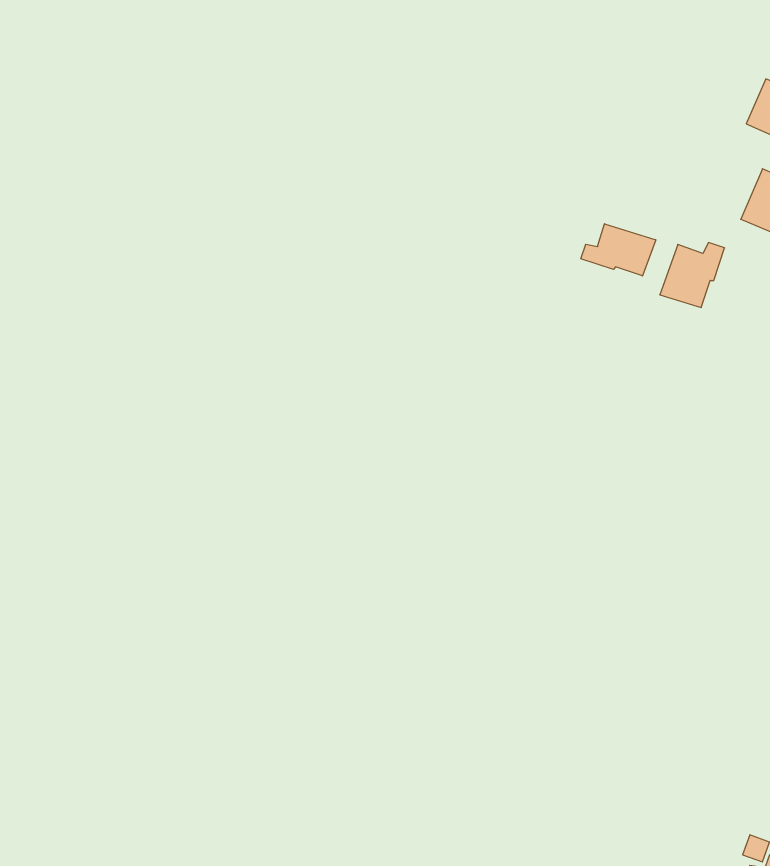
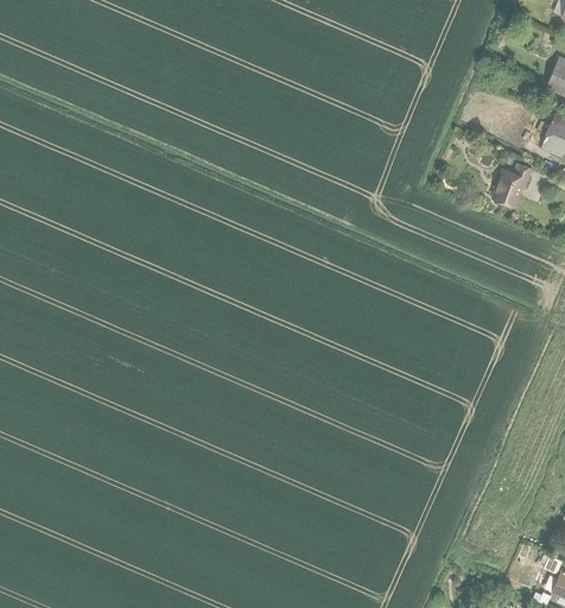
building: [581,224,656,276] -> none

